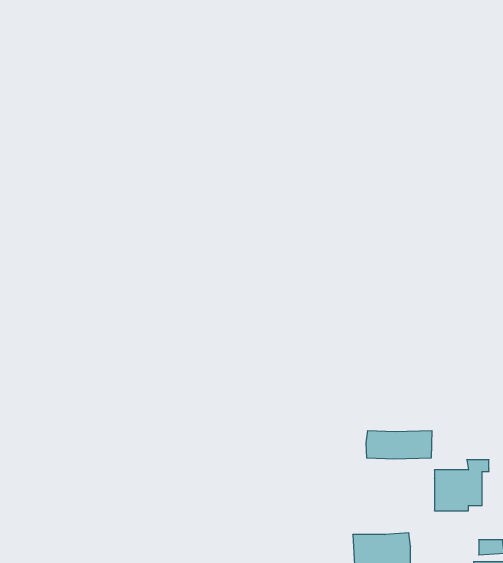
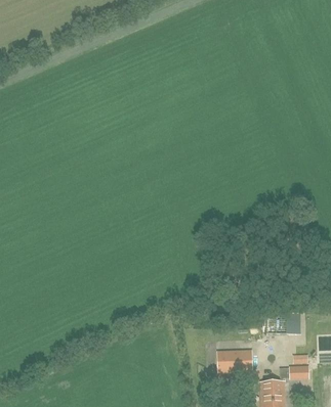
building: [366,431,432,459] -> none

